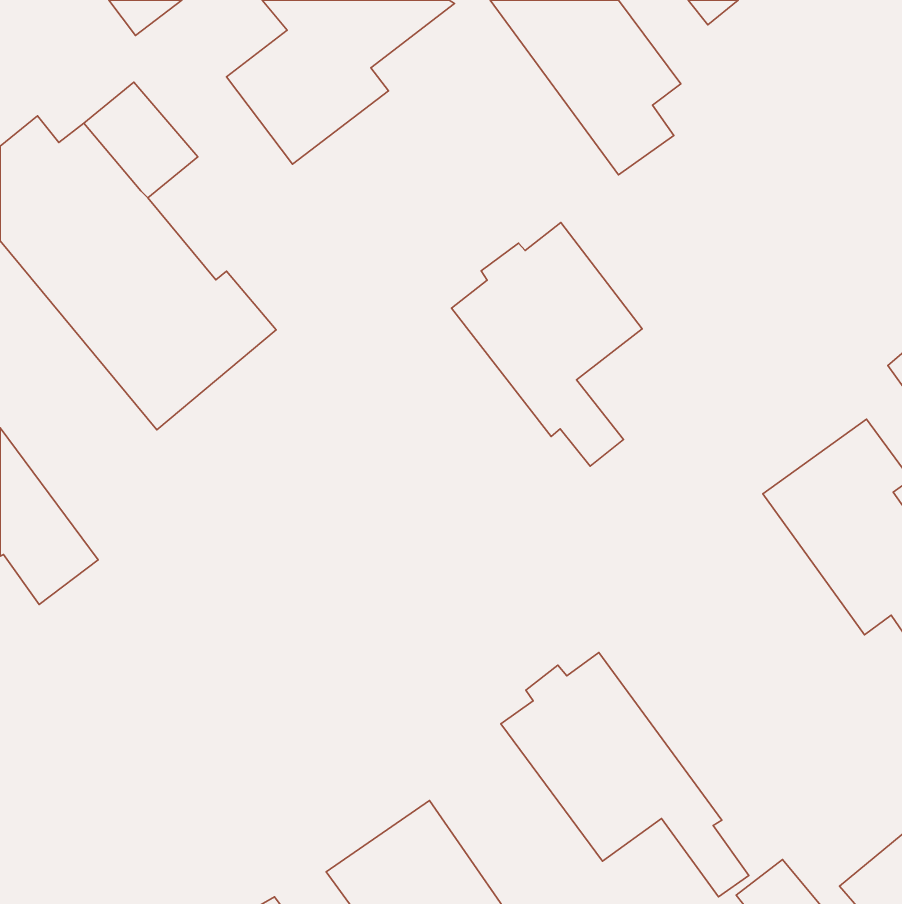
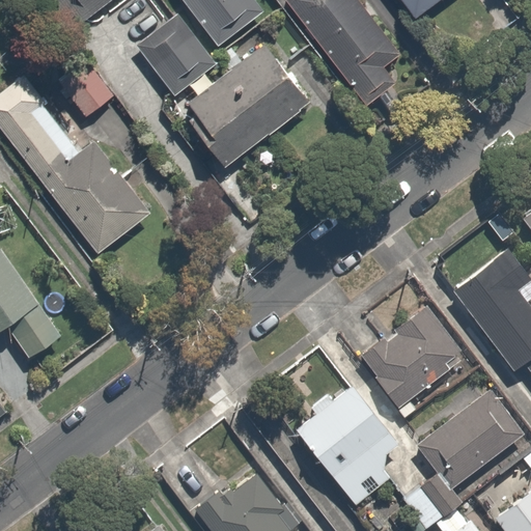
building: none -> [184,39,310,169]
building: [451,223,642,466] -> none
building: none -> [361,304,470,409]
building: none -> [413,391,521,510]

